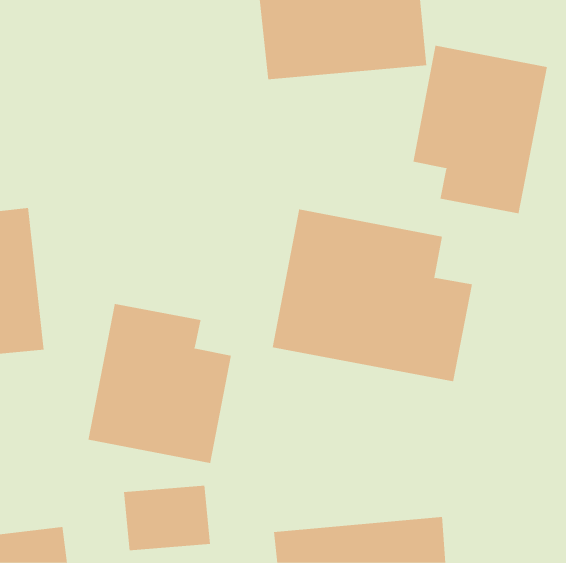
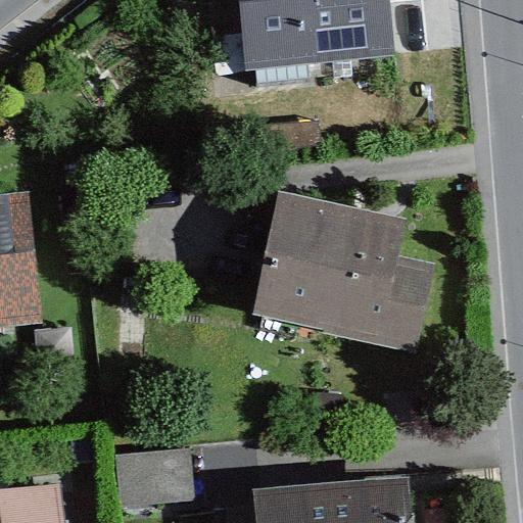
building: [413,45,548,214] -> none
building: [88,303,231,464] -> none

